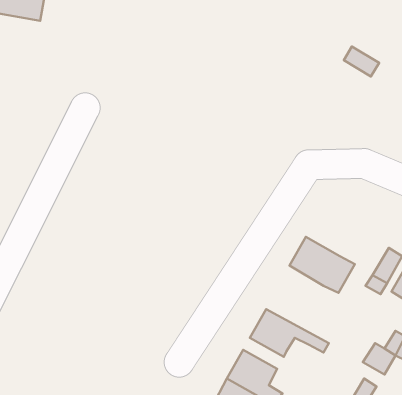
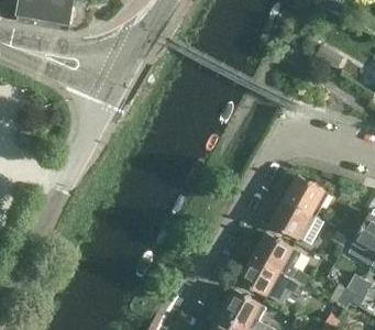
building: none -> [284,177,324,215]
building: none -> [252,234,307,285]

